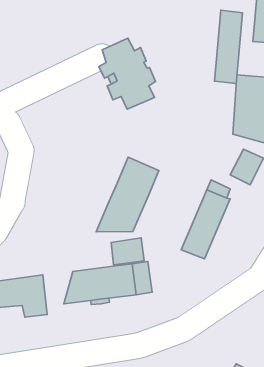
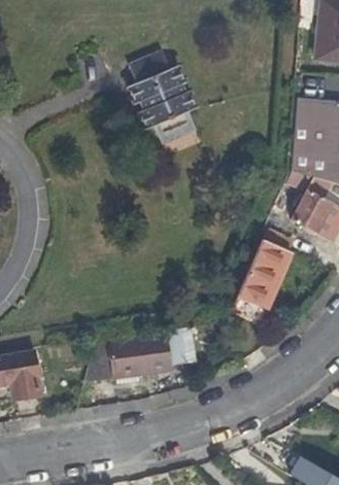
building: [214,10,243,84] -> none
building: [96,157,159,232] -> none
building: [111,238,144,265] -> none

